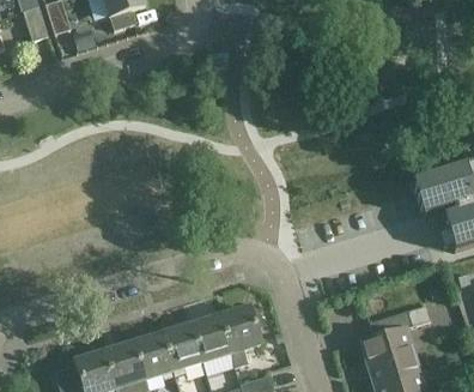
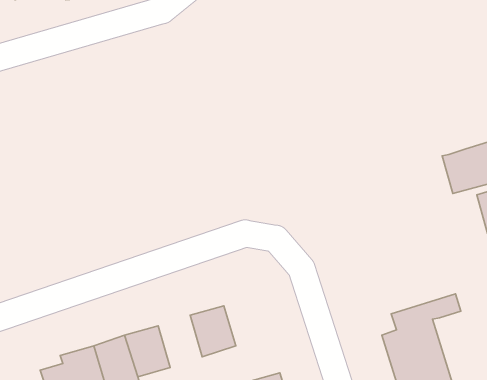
building: [219,303,262,364] -> none
building: [160,315,200,368] -> none

